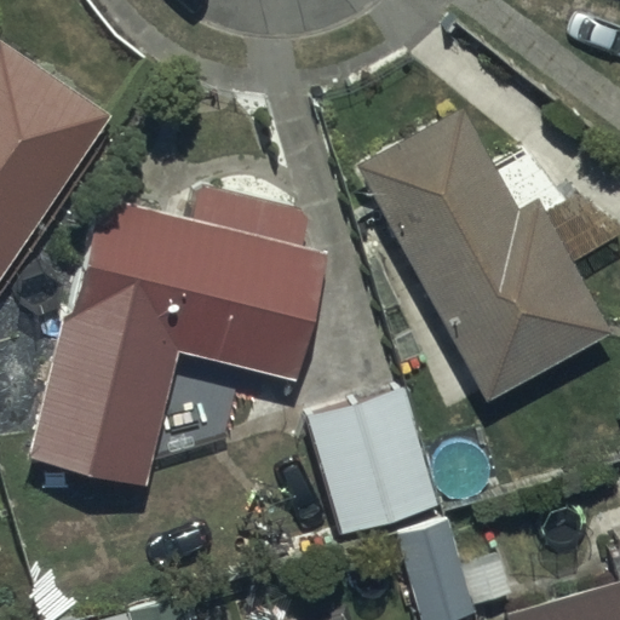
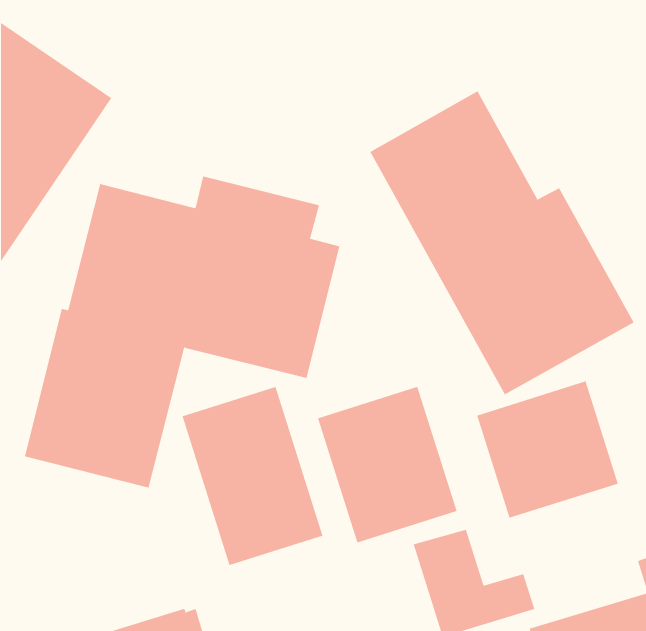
building: none -> [476,381,618,519]
building: none -> [182,386,323,566]

